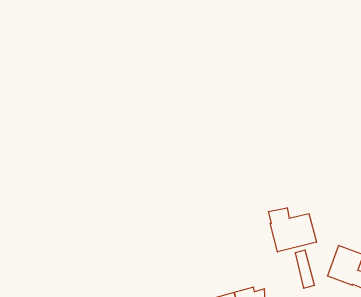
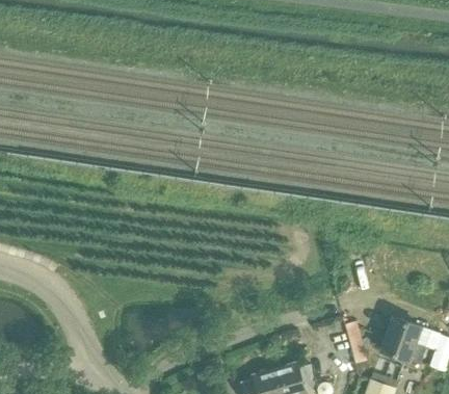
building: [268,208,316,252] -> none

